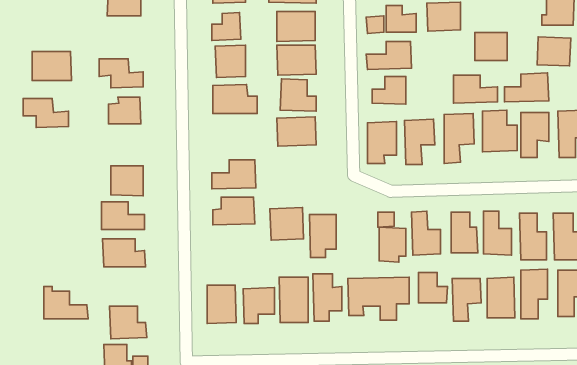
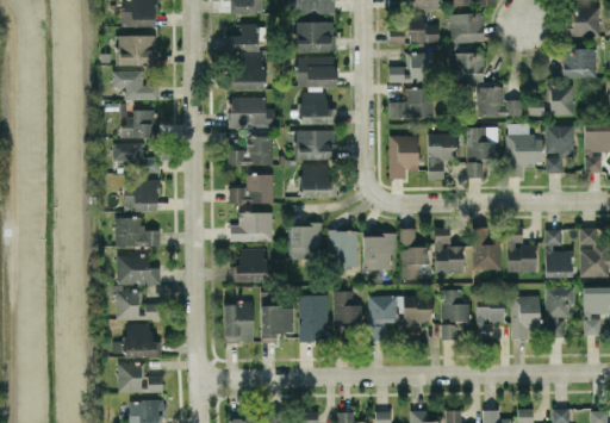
building: [475,33,507,60] -> [450,54,484,82]
building: [32,51,72,80] -> [117,36,157,66]
building: [23,98,69,128] -> [113,144,160,174]
building: none -> [229,137,273,166]
building: none -> [300,167,335,198]
building: none -> [362,235,393,270]
building: none -> [230,249,267,282]
building: [44,286,88,319] -> [116,286,161,319]

